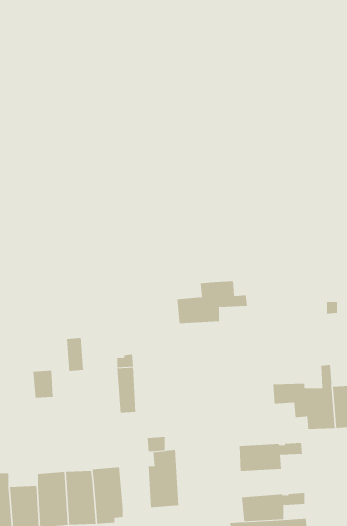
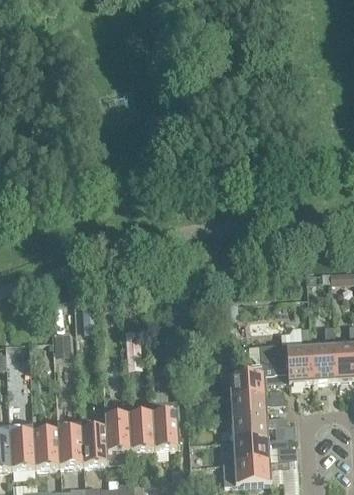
building: [177,281,248,324] -> [228,358,289,395]
building: none -> [128,412,154,449]
building: none -> [231,414,286,439]

